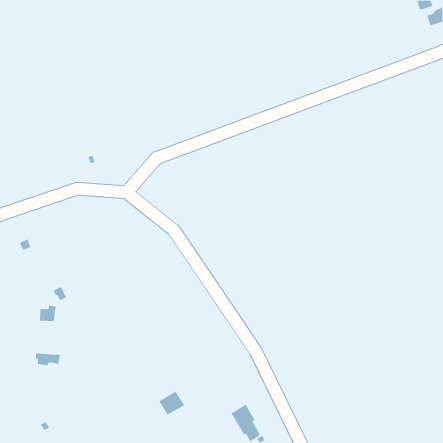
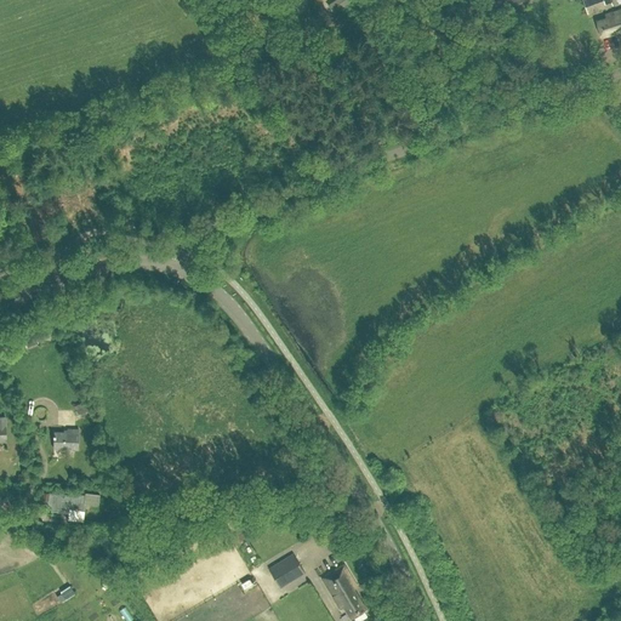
building: [158,390,185,415] -> [268,553,306,588]

